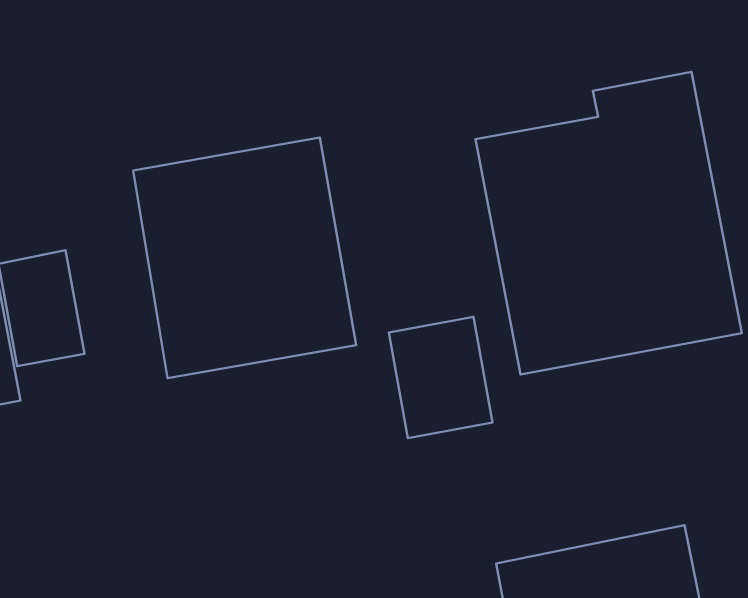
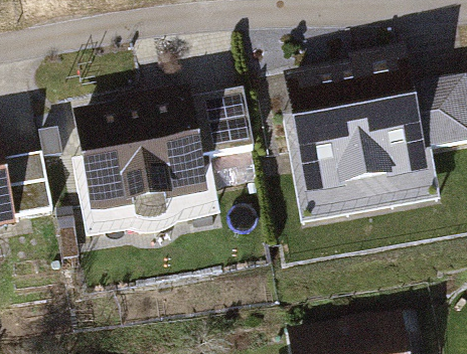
building: [389,317,493,438] -> [192,84,253,155]

